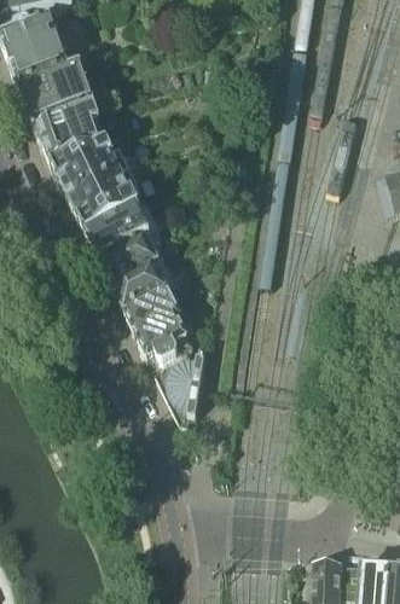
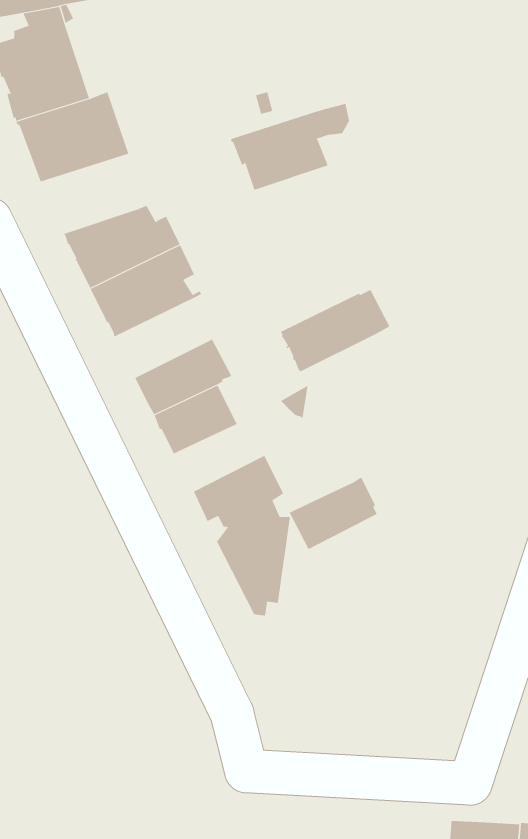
building: [35,104,116,163] -> [231,103,350,190]
building: [86,204,161,261] -> [280,289,390,373]
building: [126,289,186,338] -> [289,477,378,550]

